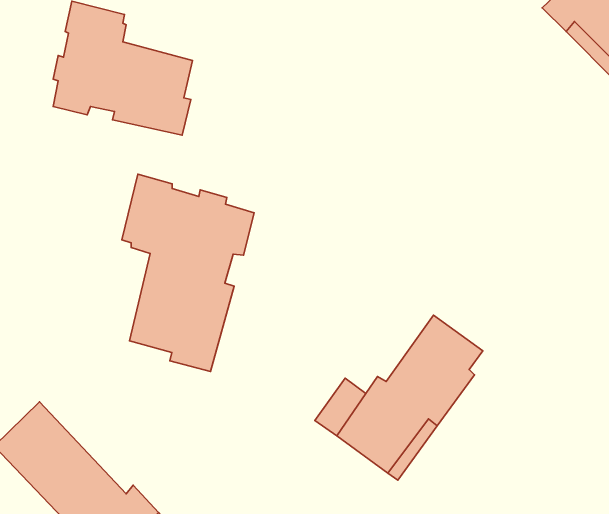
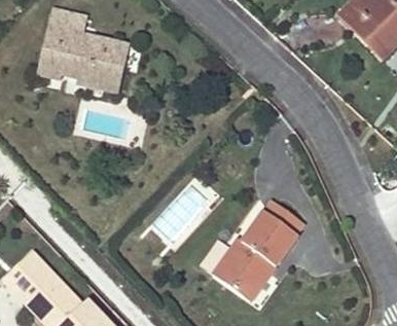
building: [122,174,254,372] -> none

